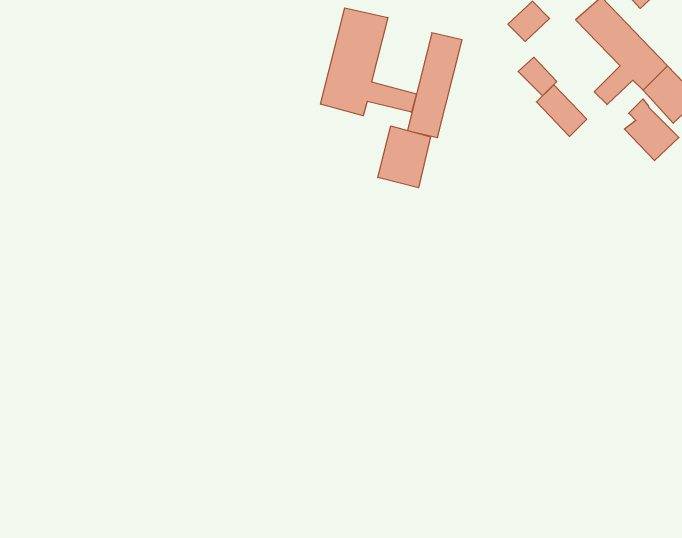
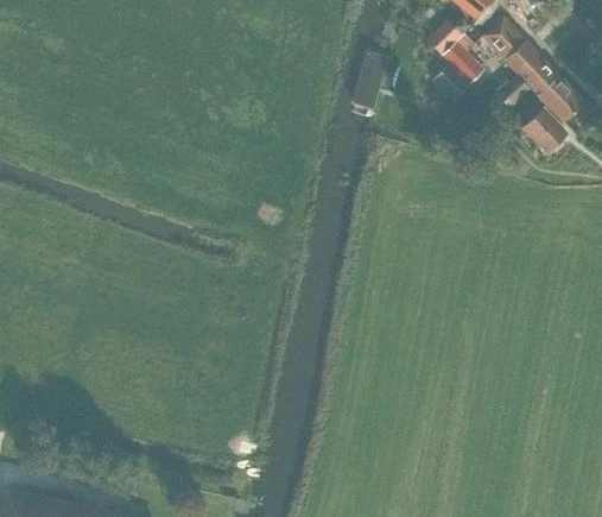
building: [321,8,417,116] -> none
building: [536,85,587,136] -> [443,44,484,87]
building: [378,126,430,188] -> none

